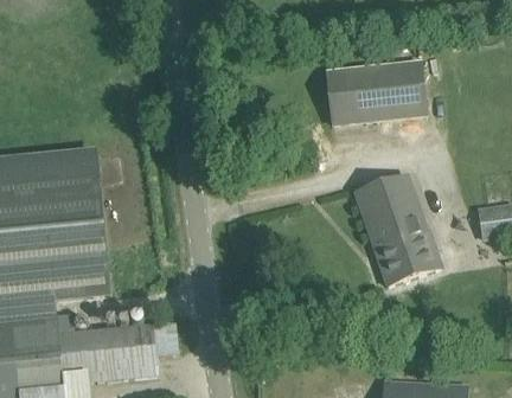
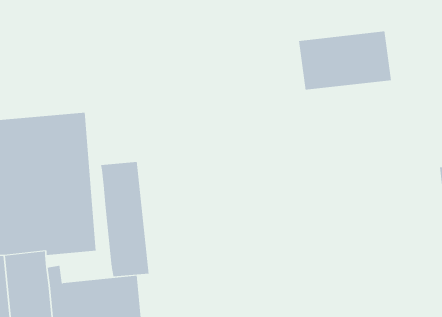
building: [356,172,442,284] -> none
building: none -> [101,161,149,277]

